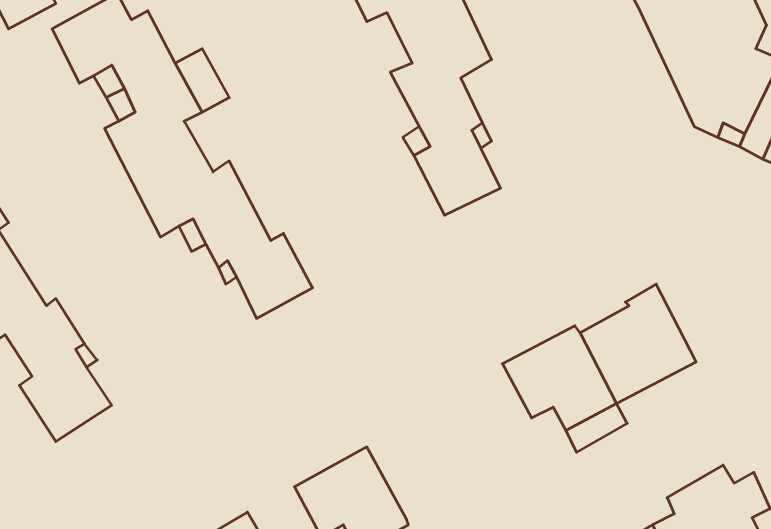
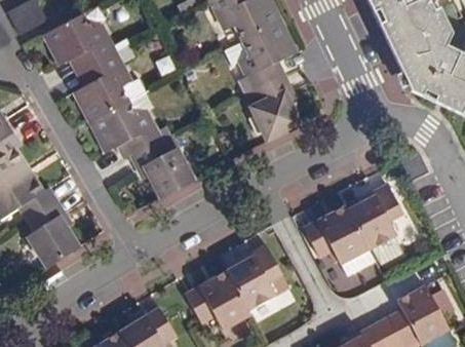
building: none -> [225,244,282,313]

